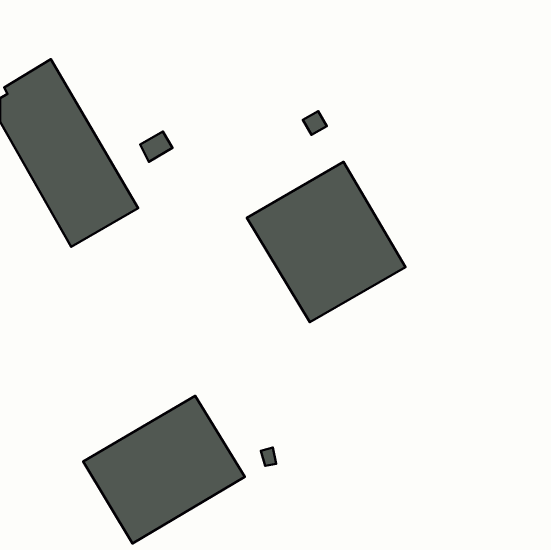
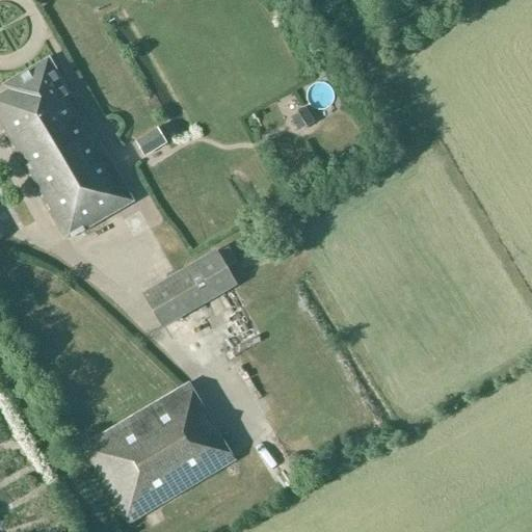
building: [247,162,405,322] -> none
building: none -> [141,246,238,327]

